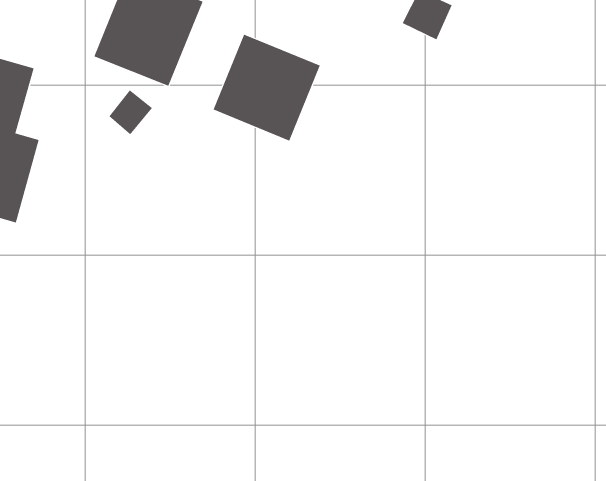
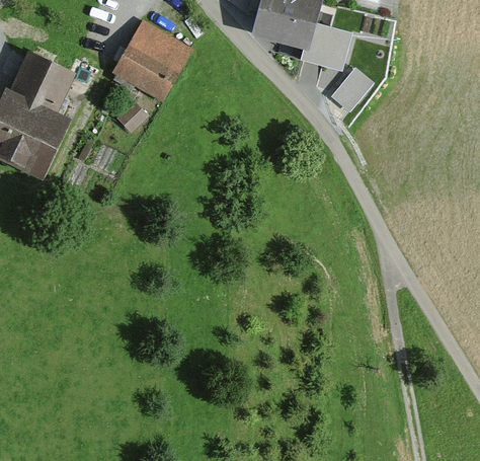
building: [213,34,320,141] -> none

